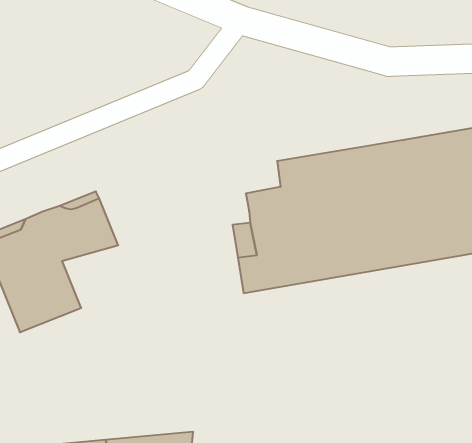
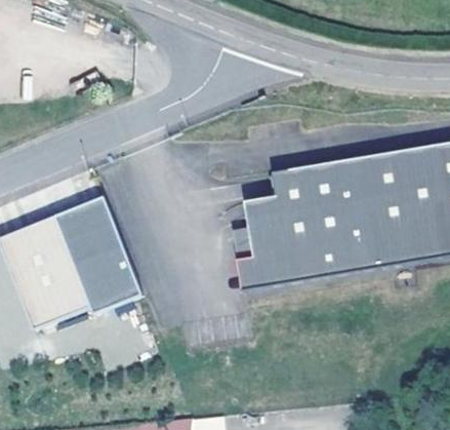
building: none -> [72,246,141,314]

